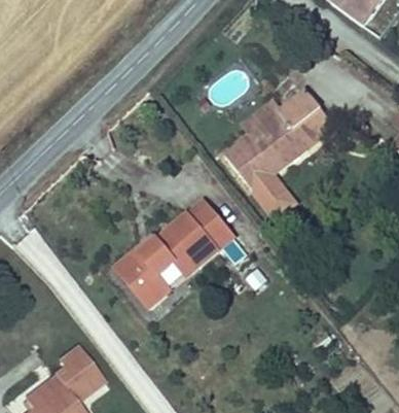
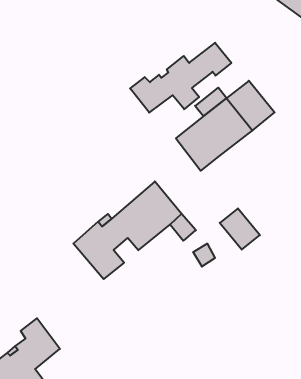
building: none -> [130,43,231,113]
building: [254,173,297,217] -> [220,208,260,250]

